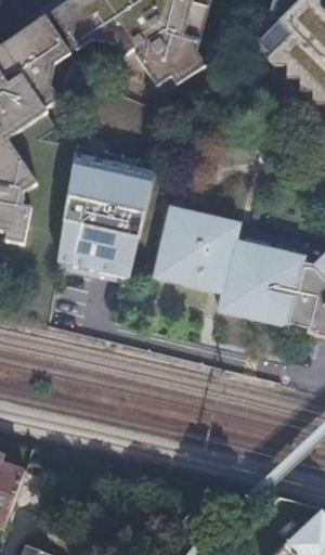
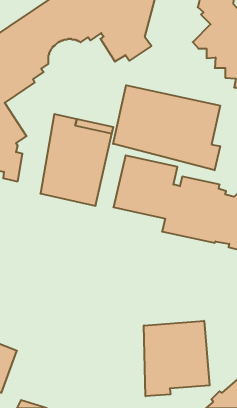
building: none -> [113,85,220,170]
building: none -> [144,321,210,396]

